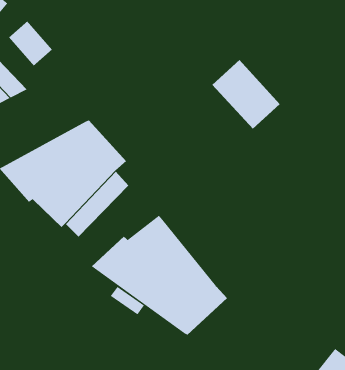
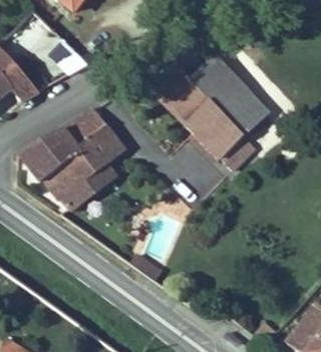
building: none -> [171,70,262,173]
building: [91,215,228,335] -> none

